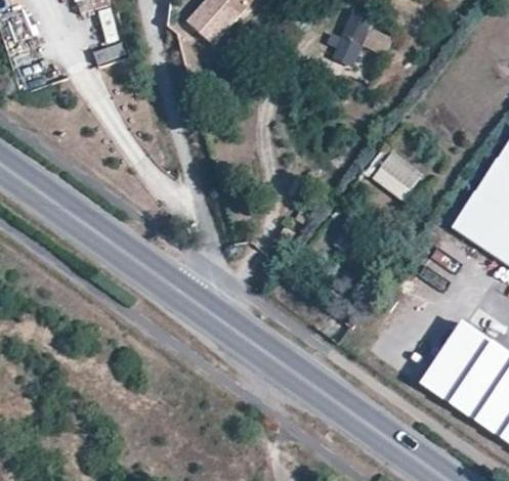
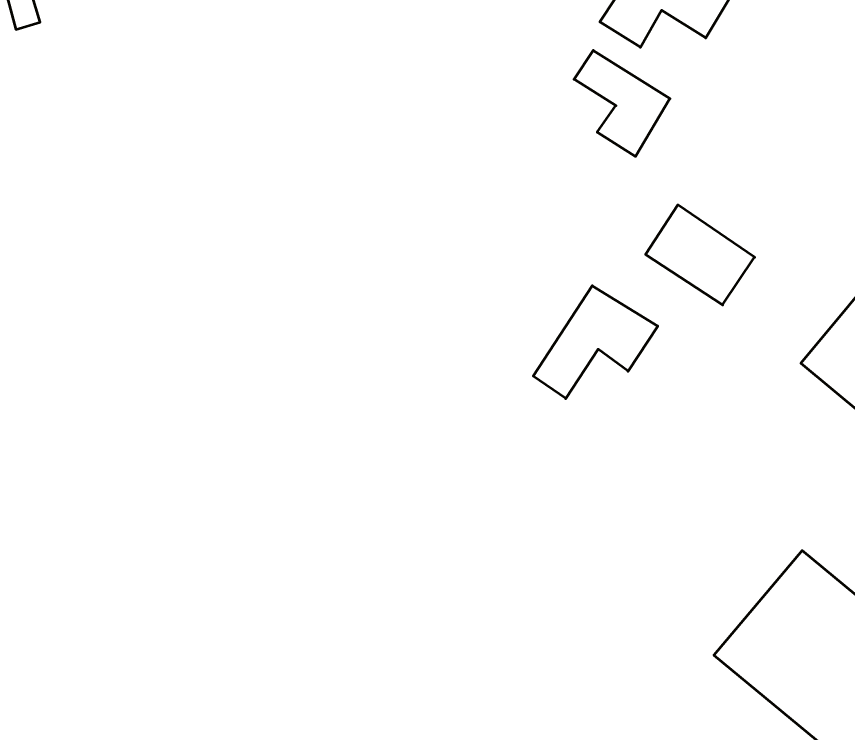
building: none -> [574,50,670,156]
building: none -> [533,286,658,399]

